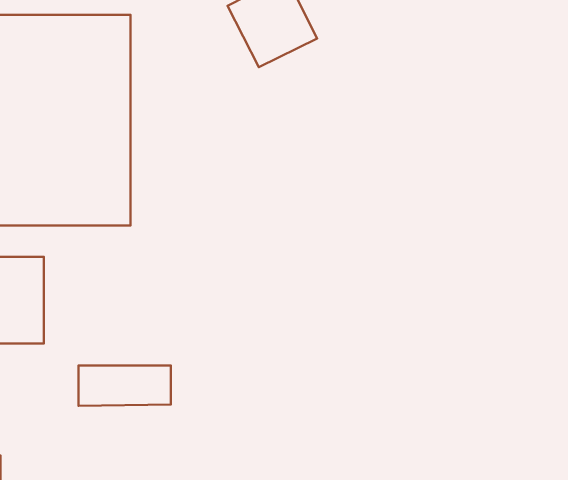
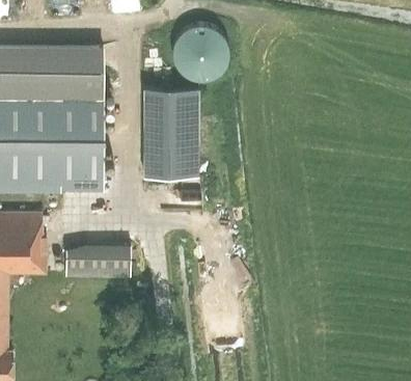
building: none -> [144,90,198,179]
building: [78,366,171,406] -> [66,245,131,273]

